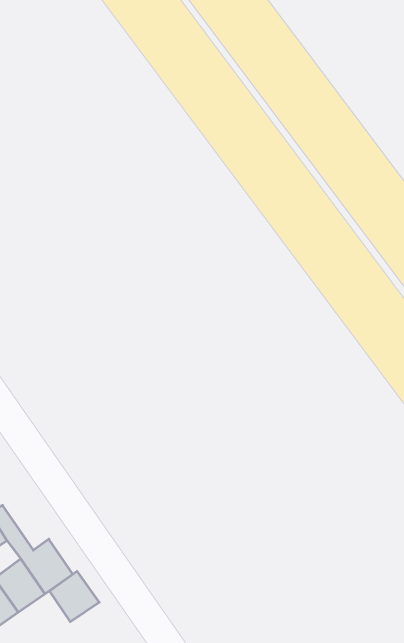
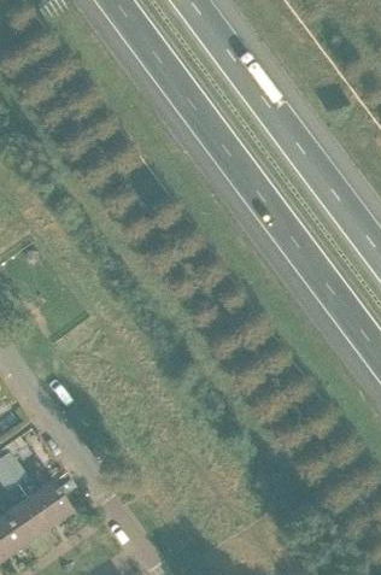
building: [49,571,99,622] -> none

